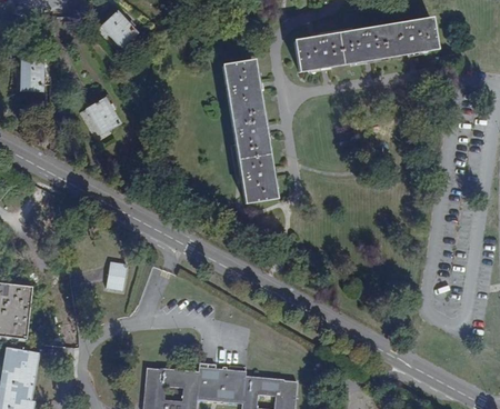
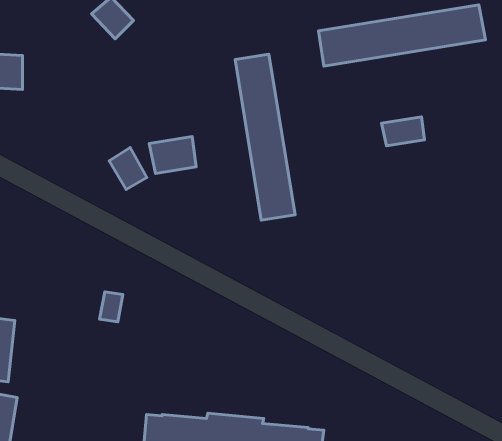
building: [87,97,119,132] -> [109,148,147,189]
building: none -> [381,117,424,146]
building: none -> [149,137,196,174]

